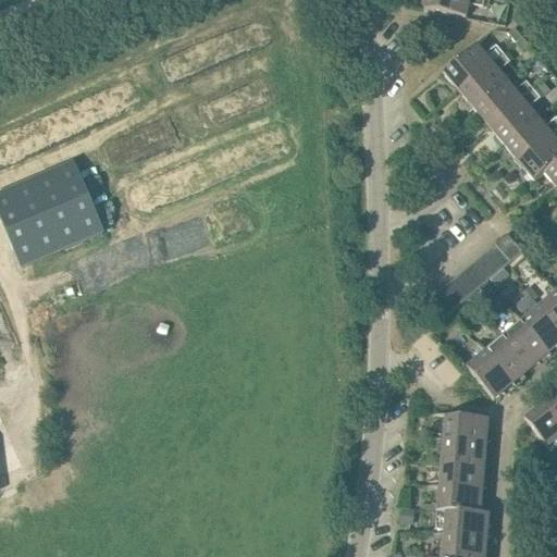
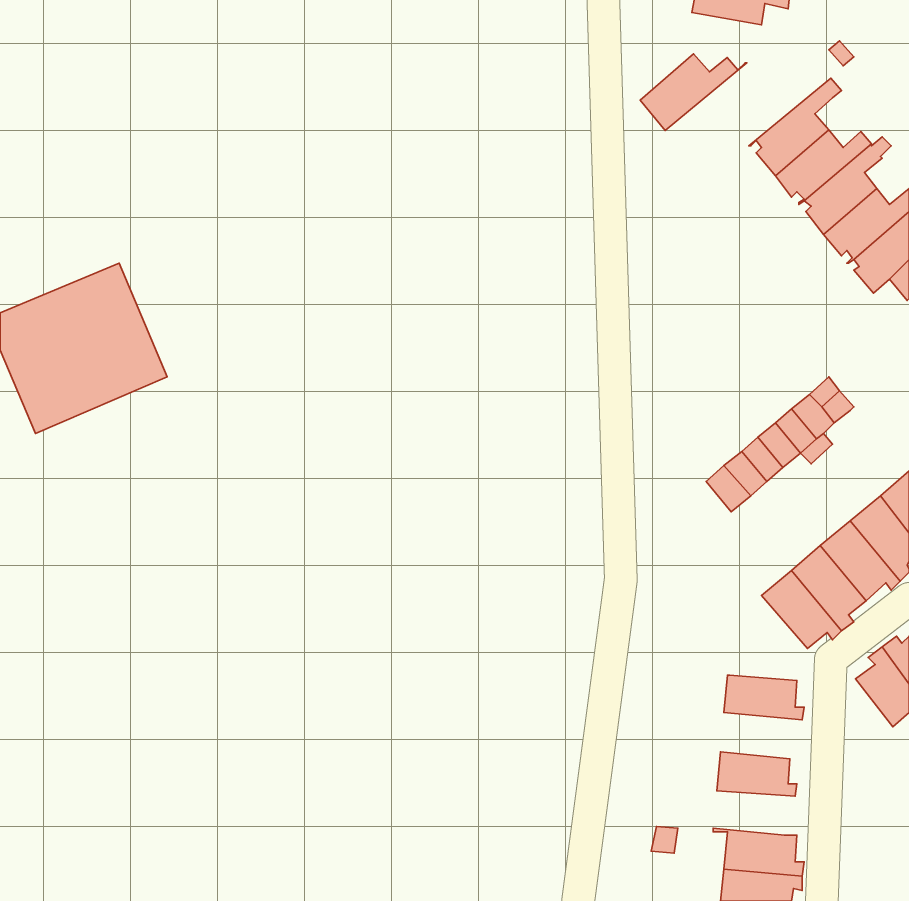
building: [443,42,508,89] -> [640,54,747,130]
building: [441,436,491,465] -> none
building: [436,484,486,511] -> none

